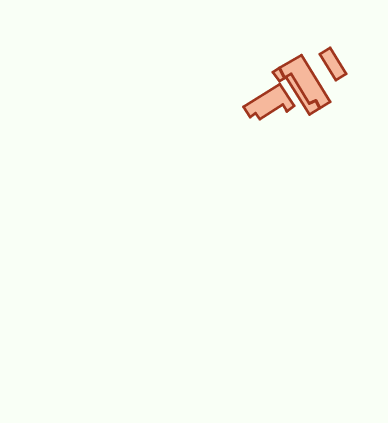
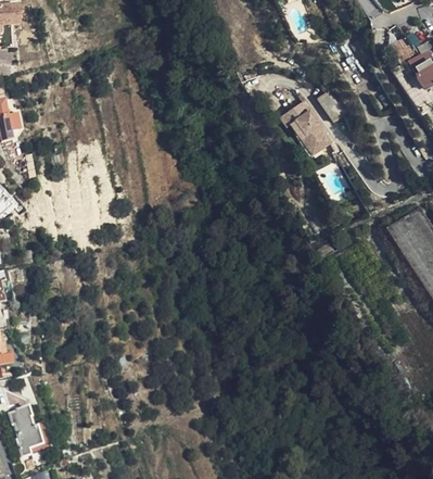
building: [243,84,294,119] -> none

